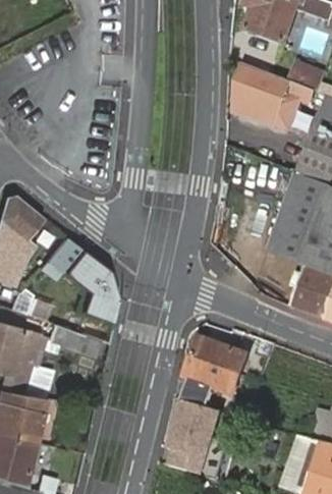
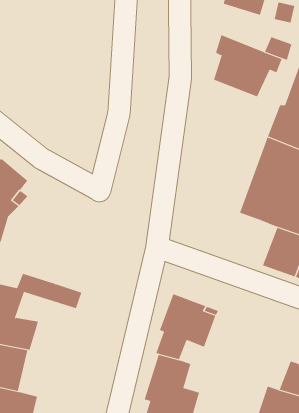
building: [48,234,121,322] -> none

